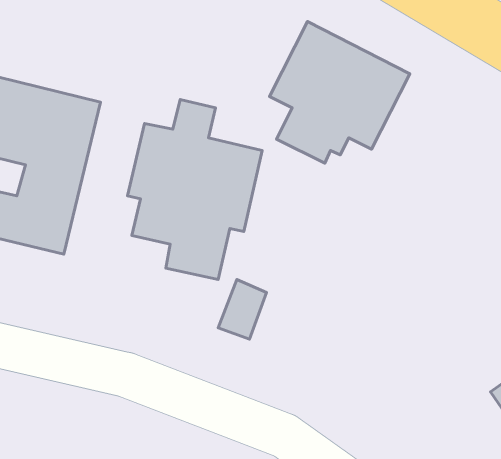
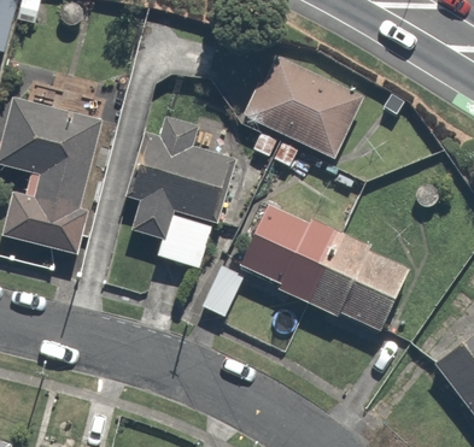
building: none -> [248,216,414,339]

